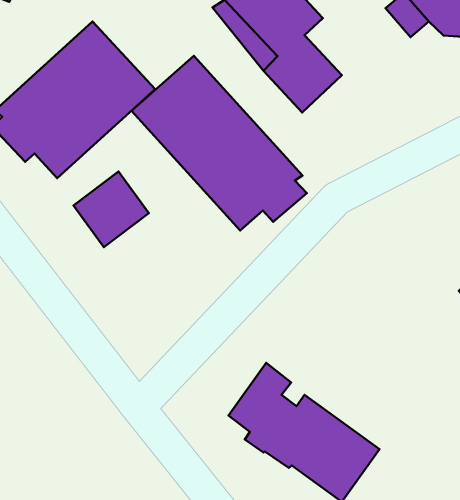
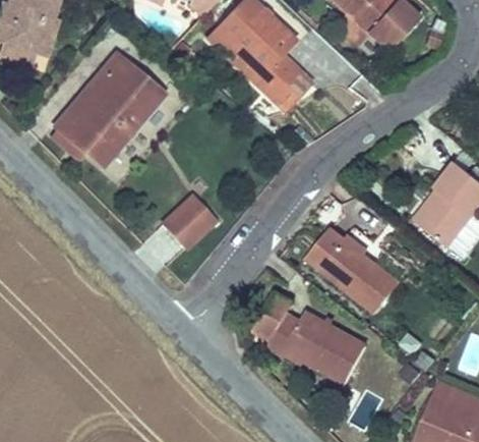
building: [131,56,307,231] -> none
building: [73,171,149,247] -> [161,194,218,252]
building: none -> [305,227,401,316]

